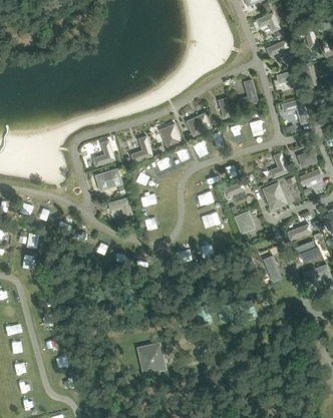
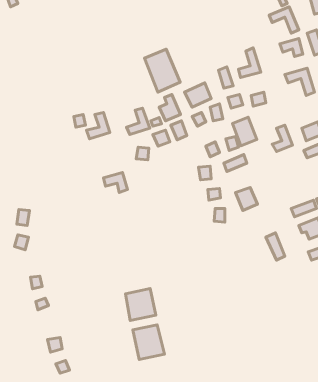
building: none -> [144,49,180,92]
building: [95,168,121,190] -> none
building: [263,182,286,210] -> [232,117,257,146]
building: none -> [125,288,156,321]

